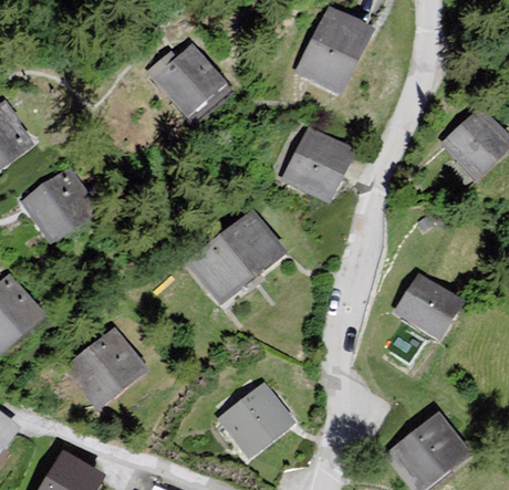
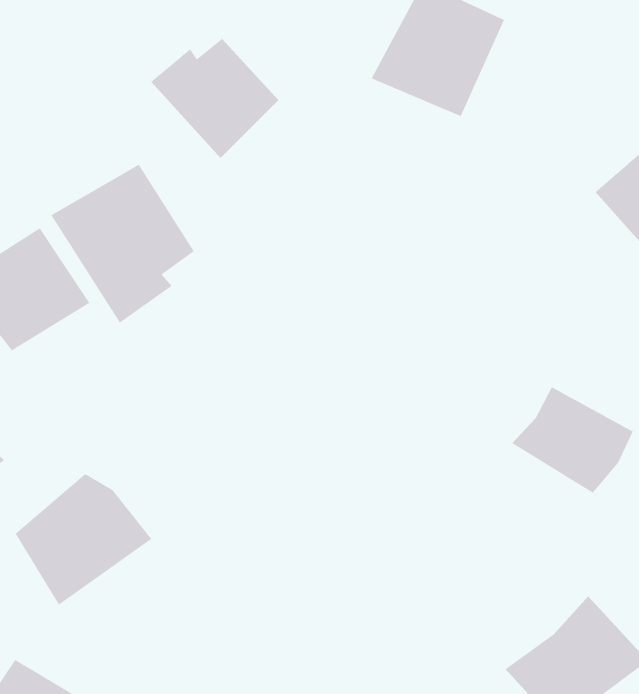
building: [278,123,361,204] -> none
building: none -> [50,164,194,323]
building: [180,212,288,304] -> none
building: [208,382,290,460] -> none

